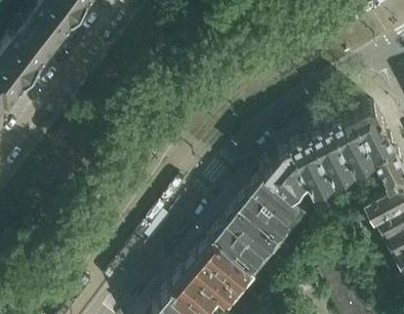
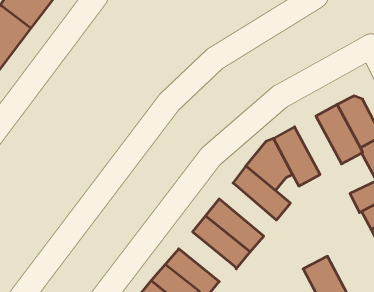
building: [311,131,356,188] -> none
building: [238,196,293,247] -> none
building: [199,243,252,291] -> none

